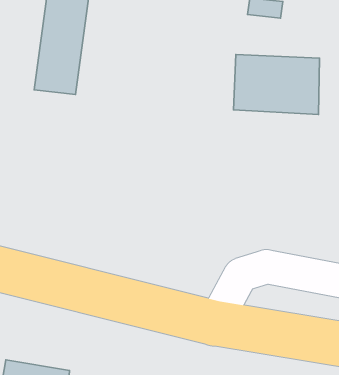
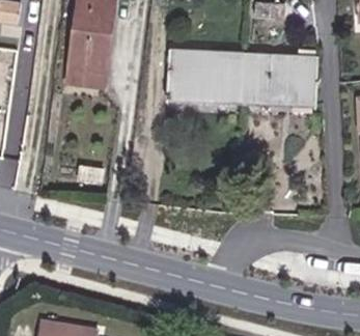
building: none -> [167,49,244,101]

